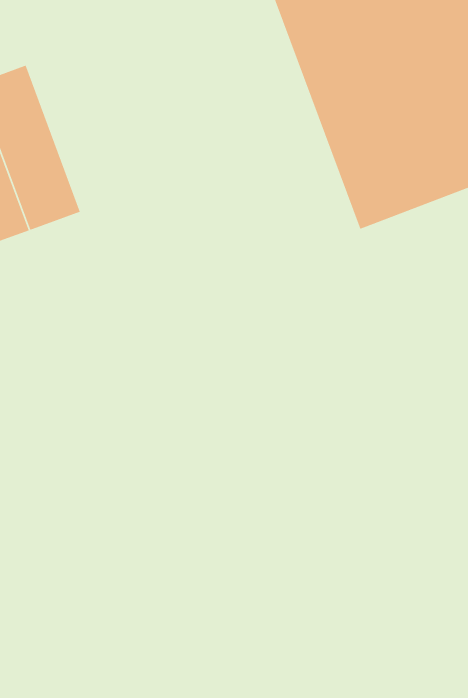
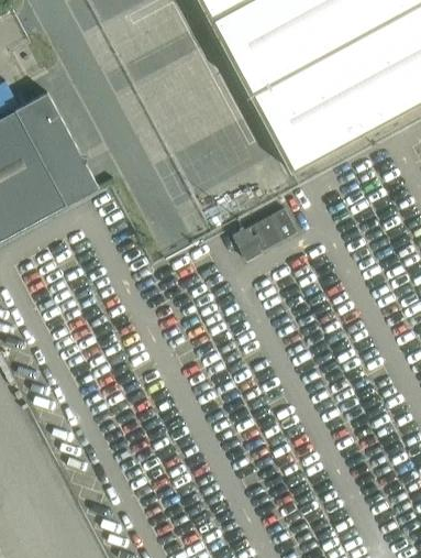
building: none -> [234,208,297,259]

